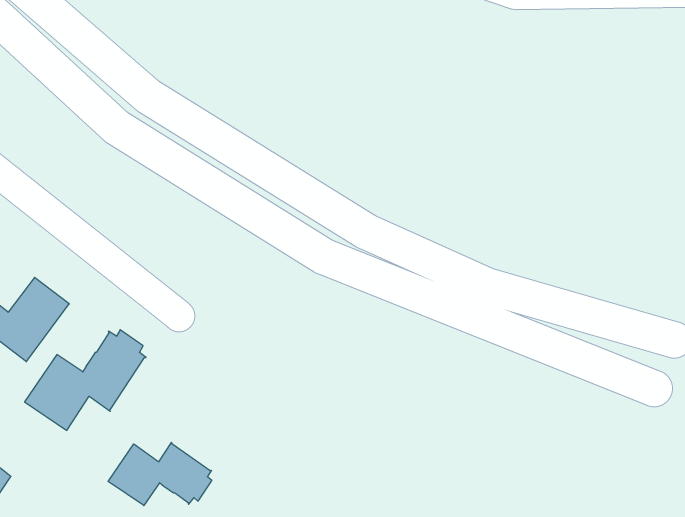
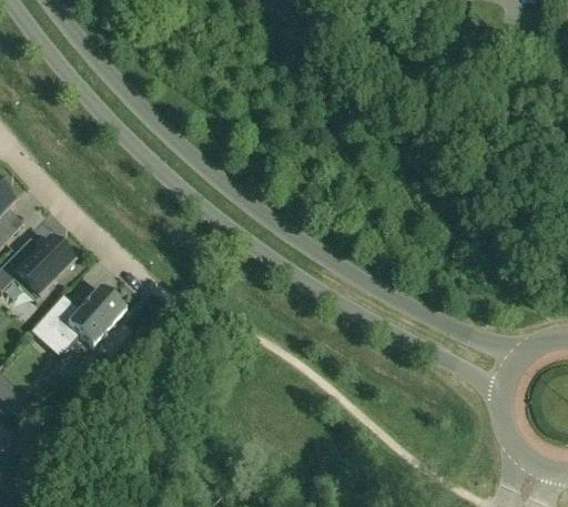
building: [108,442,212,506] -> none

